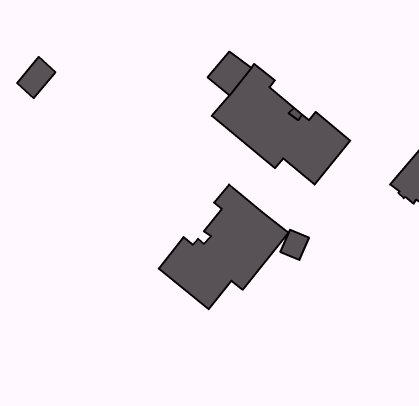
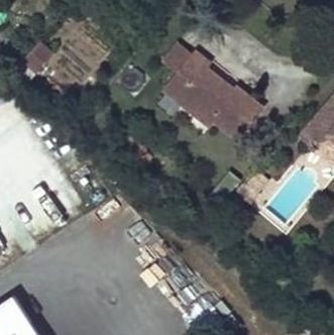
building: [159,184,289,309] -> none

